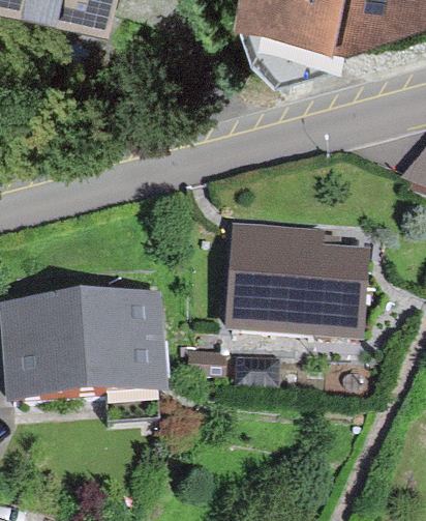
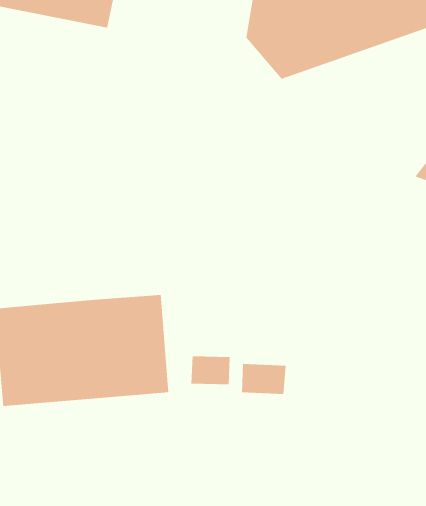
building: [230,221,371,332] -> none

